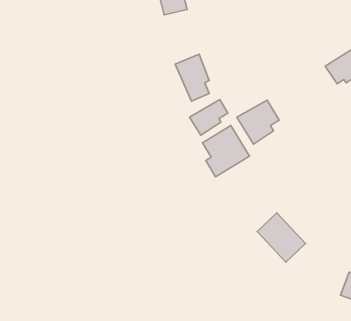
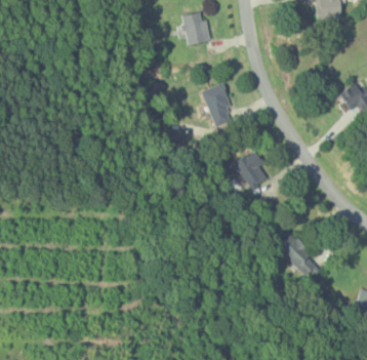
building: [190,100,228,135] -> none
building: [237,100,279,144] -> none

